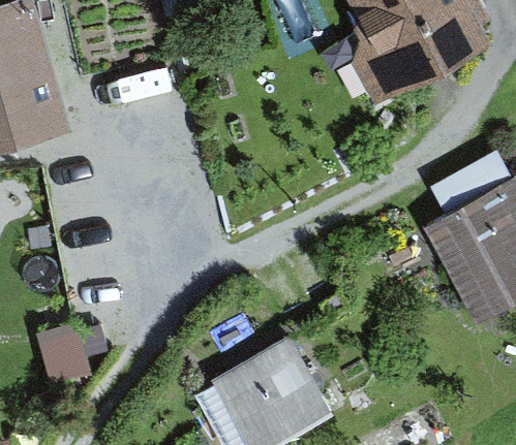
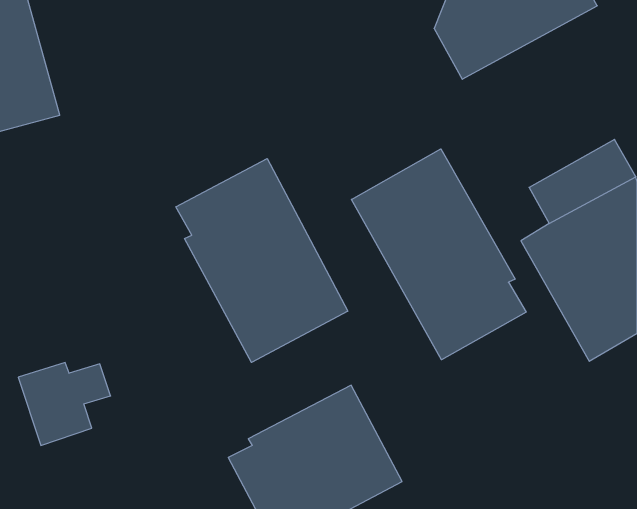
building: none -> [351,149,526,360]
building: none -> [176,159,348,362]

